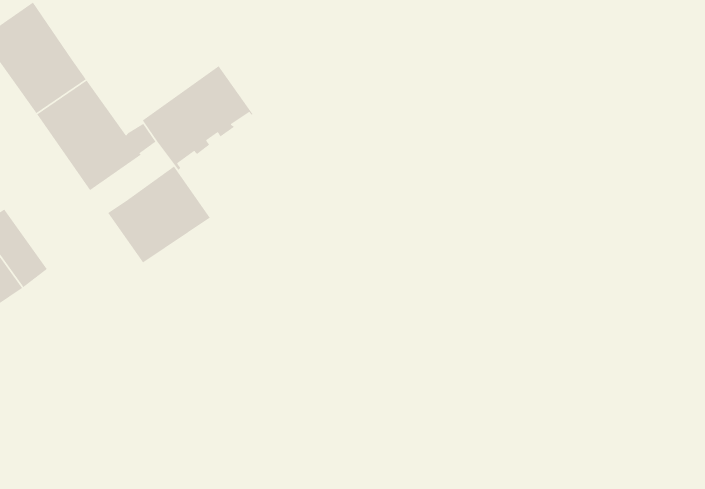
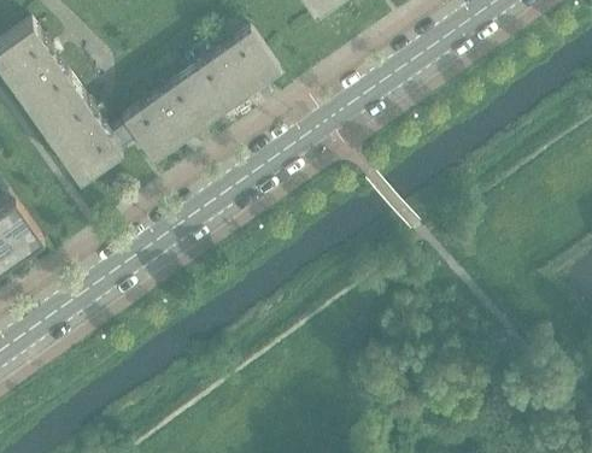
building: none -> [183,28,276,113]
building: [107,165,211,263] -> none

